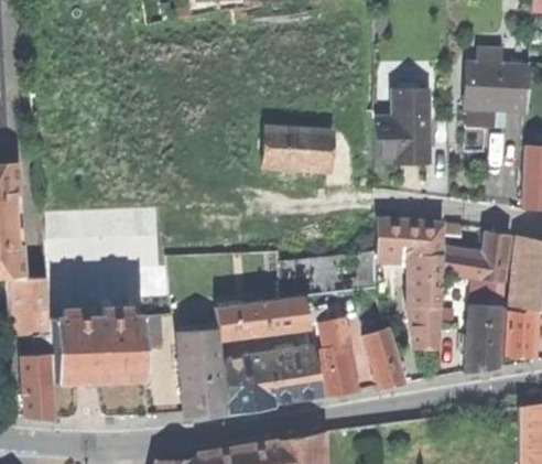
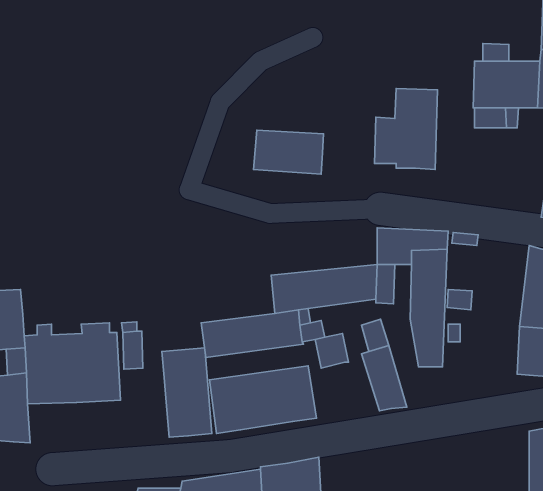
building: [445,231,508,279] -> none
building: [466,282,503,371] -> none
building: [316,344,357,396] -> none

